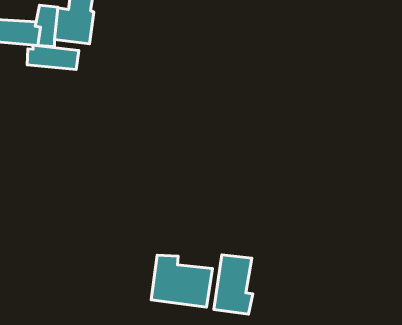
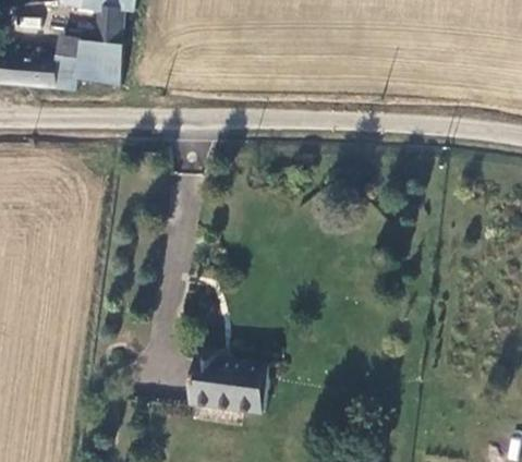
building: [27,45,79,69] -> none
building: [214,255,253,314] -> none

